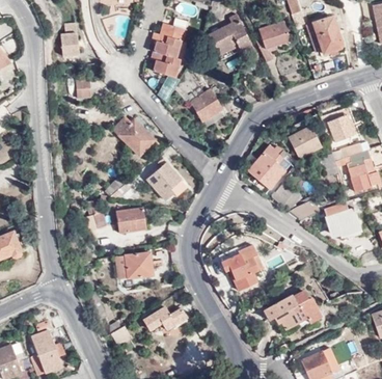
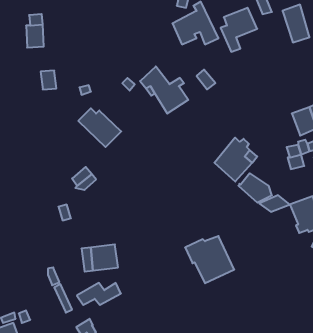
building: [151,25,186,79] -> none
building: [289,128,321,159] -> none
building: [147,159,188,200] -> none
building: [116,208,146,234] -> none
building: [264,290,319,329] -> none
building: [143,307,187,329] -> [77,283,121,305]

